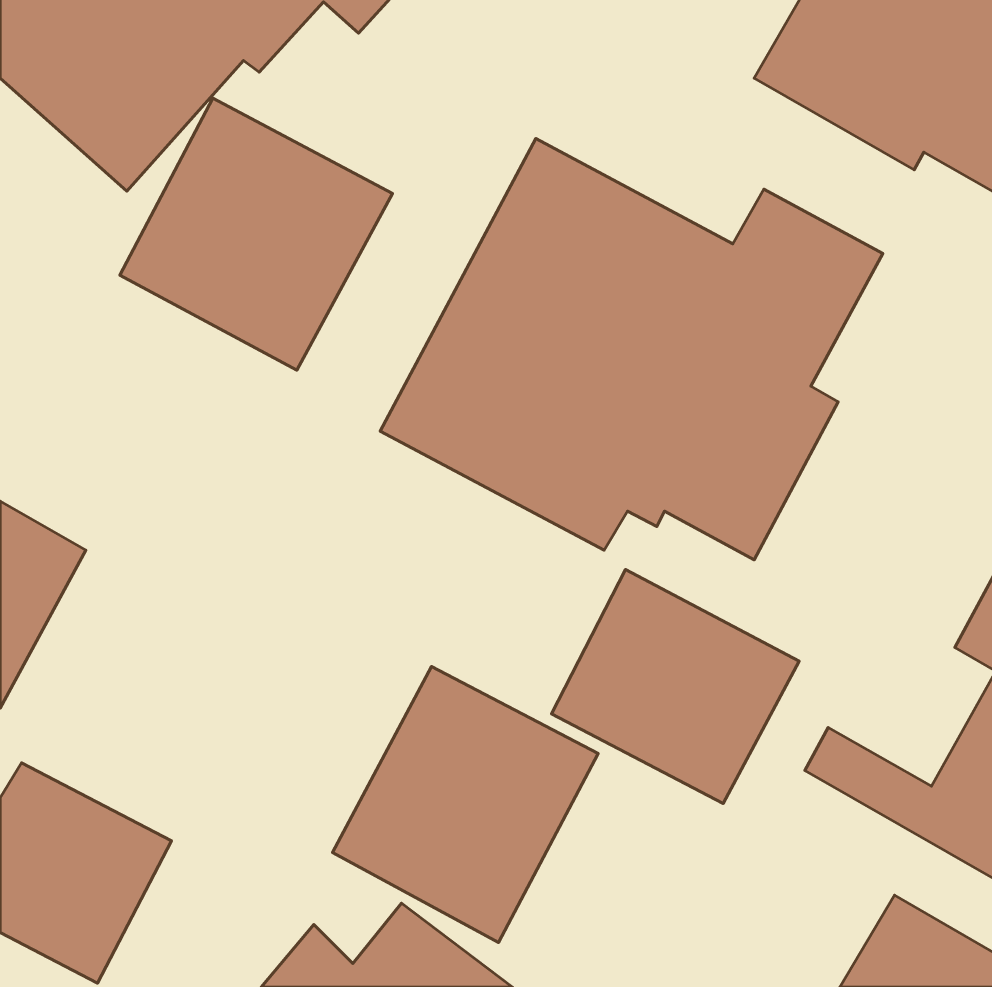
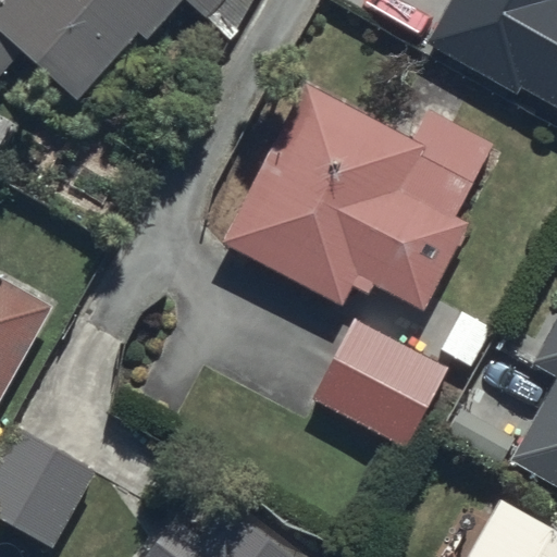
building: [120,98,393,370] -> none
building: [332,667,598,943] -> none

